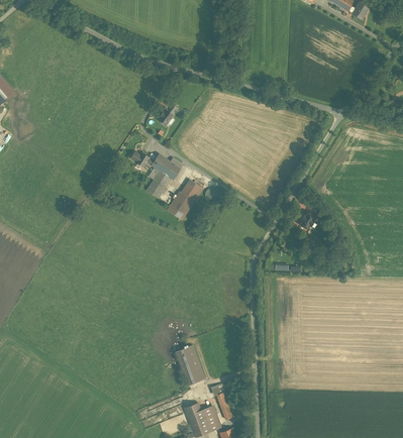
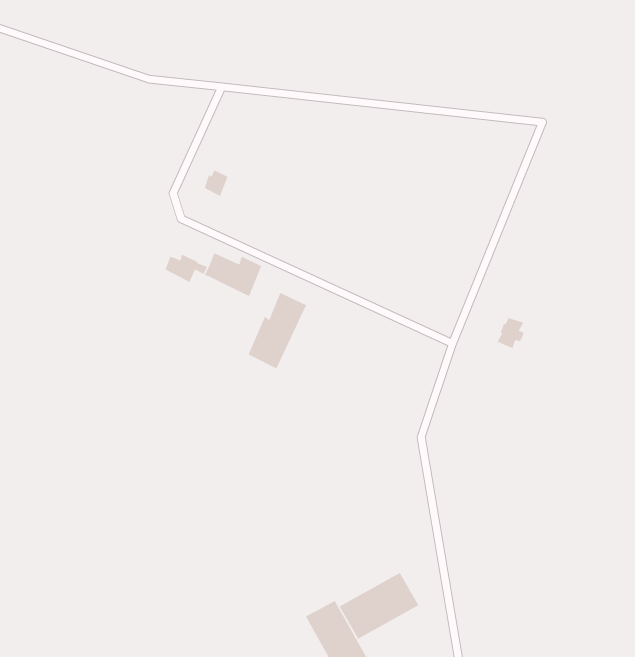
building: [145,167,171,198] -> none
building: none -> [339,572,420,640]

